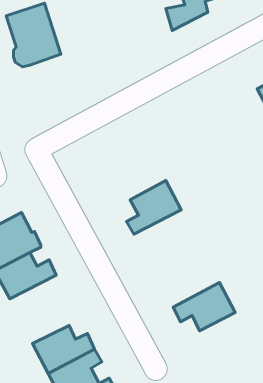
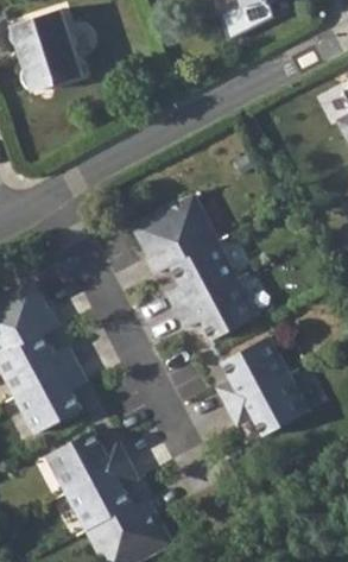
building: none -> [135,196,219,273]
building: none -> [177,278,258,340]
building: none -> [219,337,289,405]
building: none -> [15,364,86,432]

